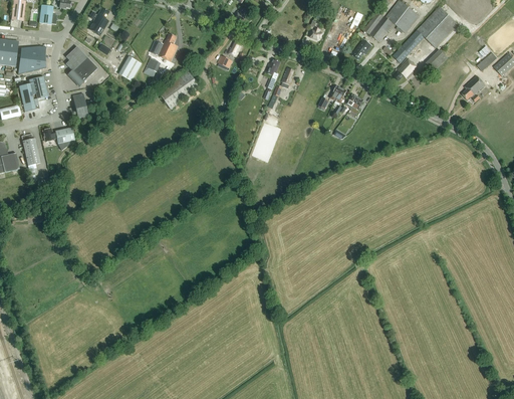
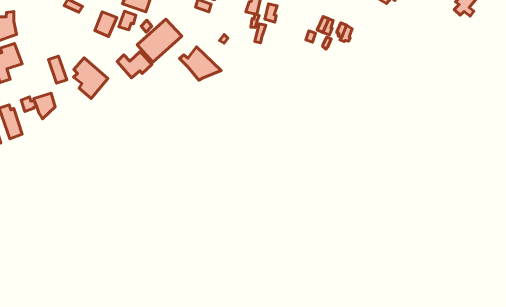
building: [65,46,97,85] -> [74,58,108,98]
building: none -> [117,51,152,78]
building: none -> [179,47,221,80]

